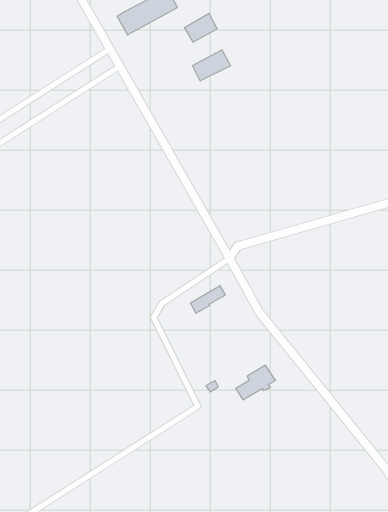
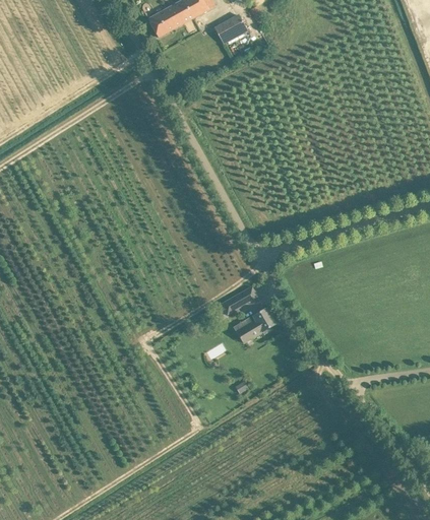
building: [192,50,230,81] -> none
building: [236,365,276,400] -> [237,308,277,342]

